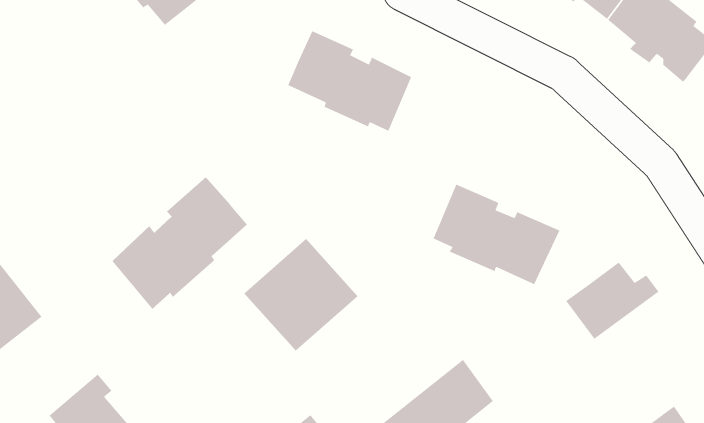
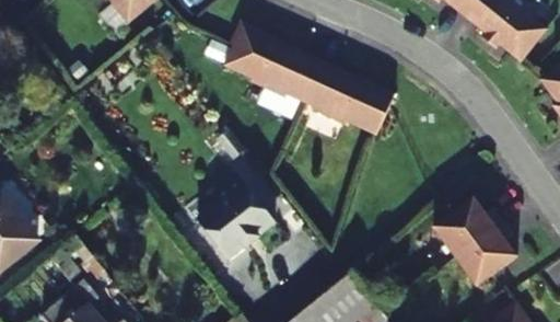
building: [112,176,248,310] -> none
building: [433,184,561,285] -> [299,59,395,136]
building: none -> [453,221,515,287]

